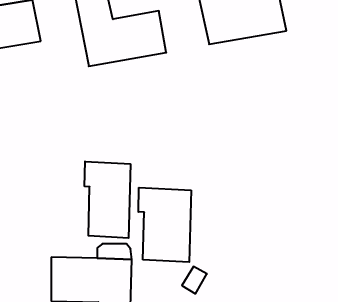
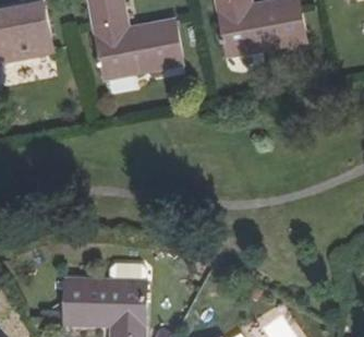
building: [85,161,130,238] -> none
building: [138,188,191,262] -> none

